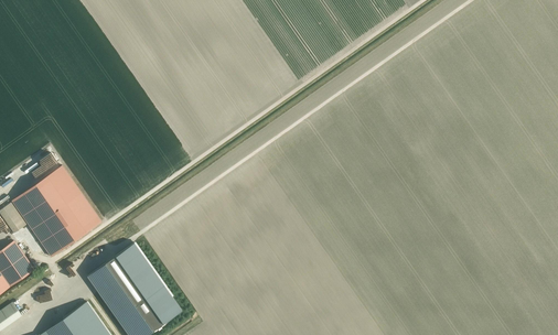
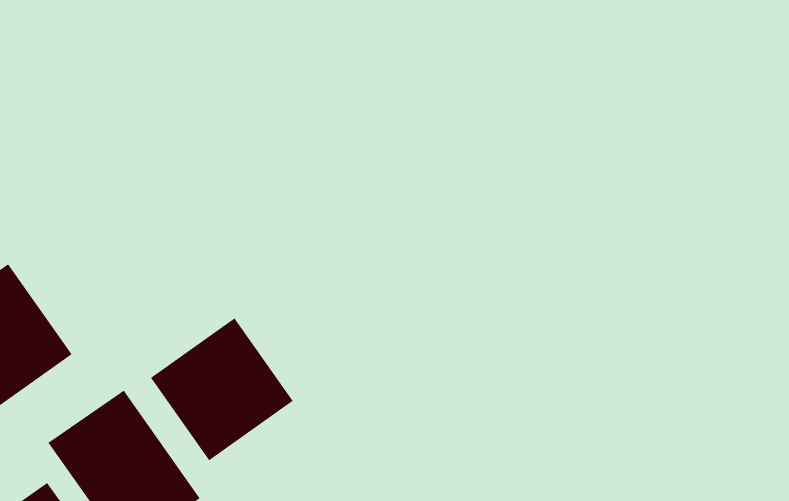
building: none -> [150,318,293,461]

